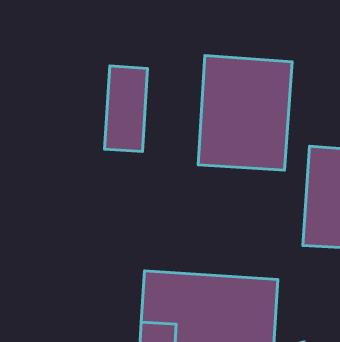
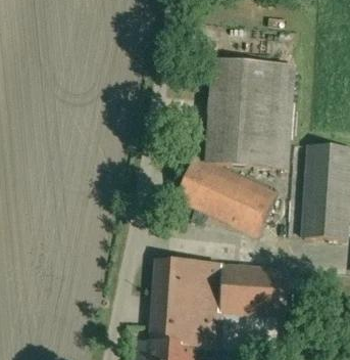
building: [105,66,148,151] -> none
building: none -> [176,155,276,234]

